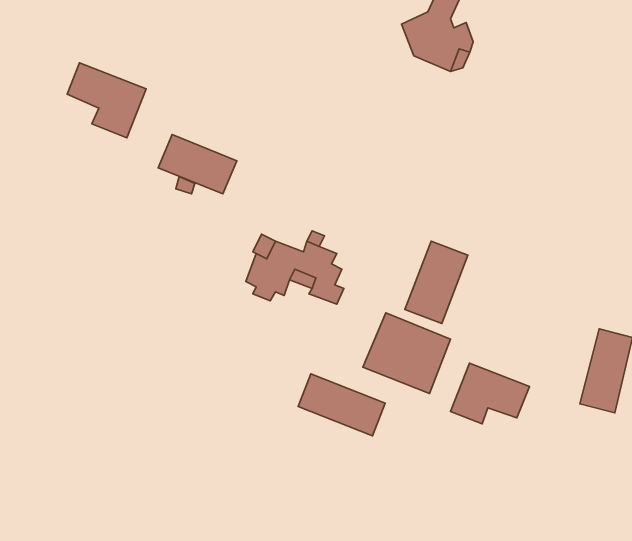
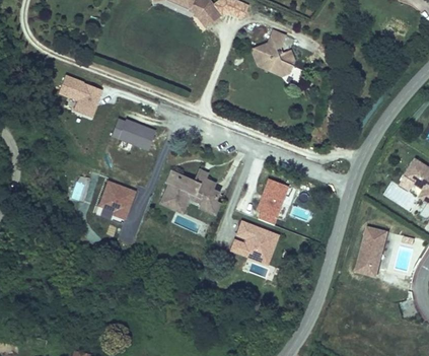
building: none -> [93,176,137,221]
building: [450,363,529,424] -> none
building: [298,374,385,436] -> none

